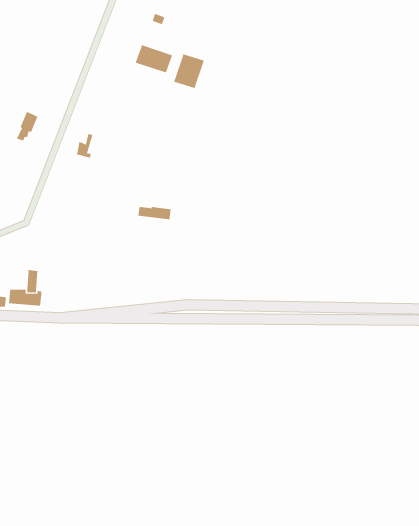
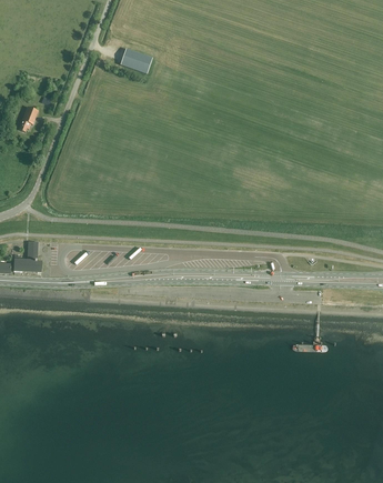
building: [174,53,205,89] -> none

